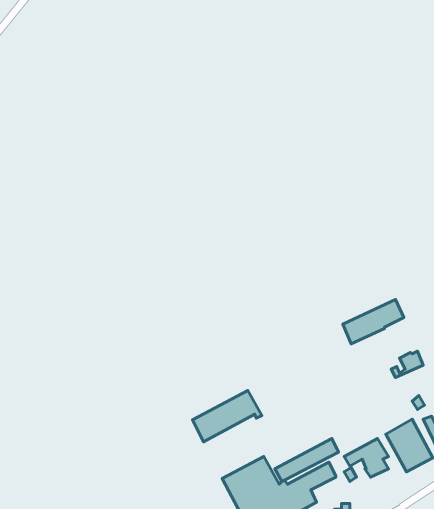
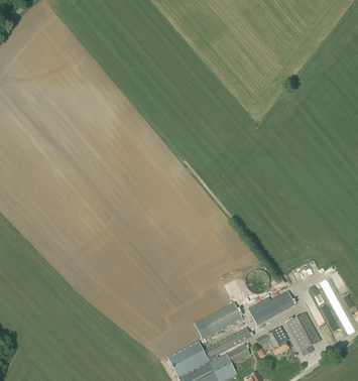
building: [343,299,404,344] -> [250,290,294,323]
building: [193,391,262,442] -> [194,302,244,340]

